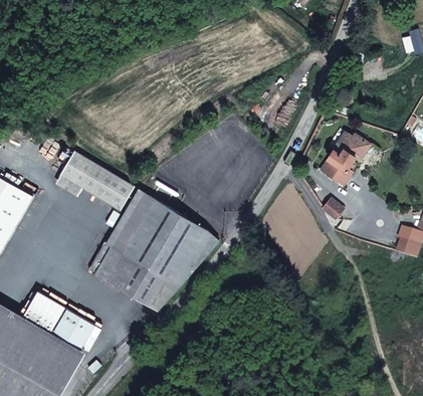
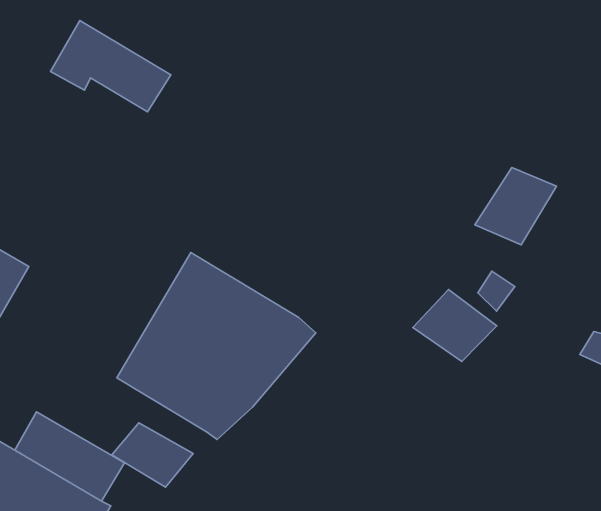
building: [54,151,133,210] -> [50,21,171,112]
building: none -> [413,290,497,362]
building: none -> [112,423,193,487]

